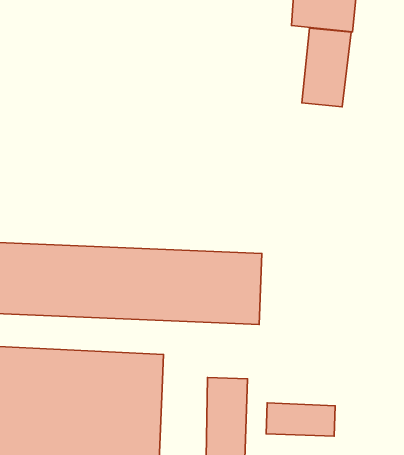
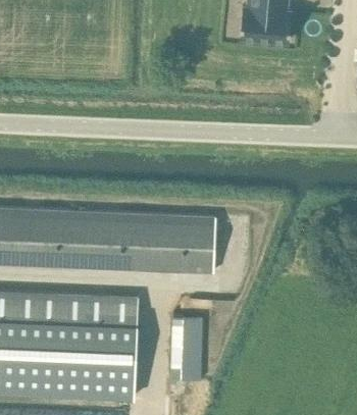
building: [302,28,351,107] -> none
building: [266,403,335,436] -> none

